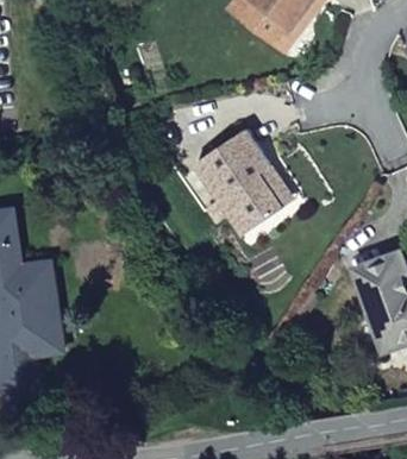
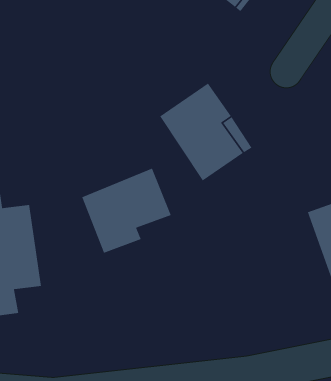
building: none -> [81,167,172,254]

